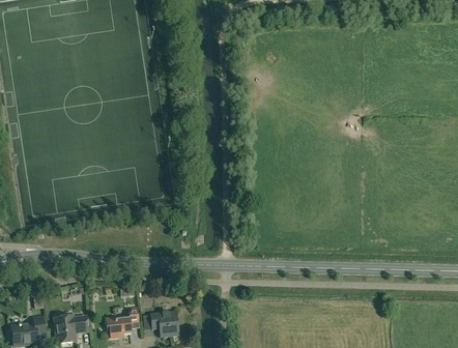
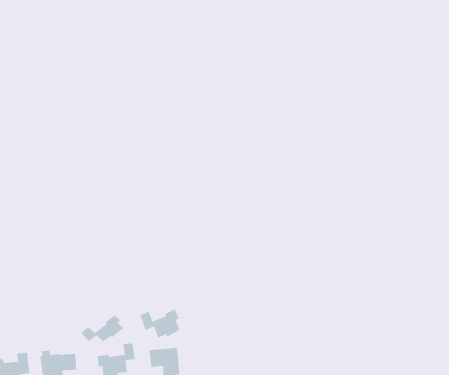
building: none -> [140,309,180,338]
building: none -> [80,315,124,342]

